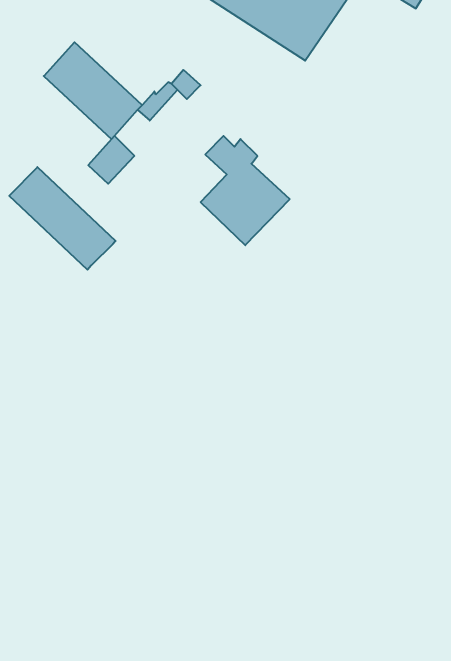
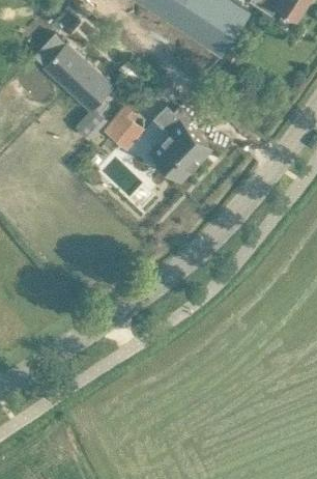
building: none -> [97,100,141,147]
building: [9,167,116,270] -> none

